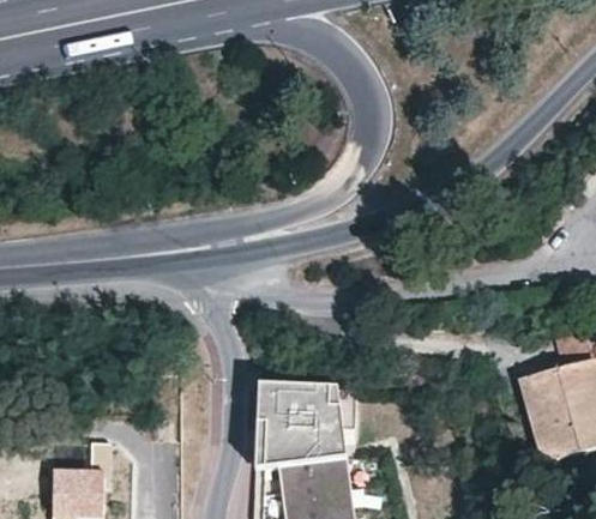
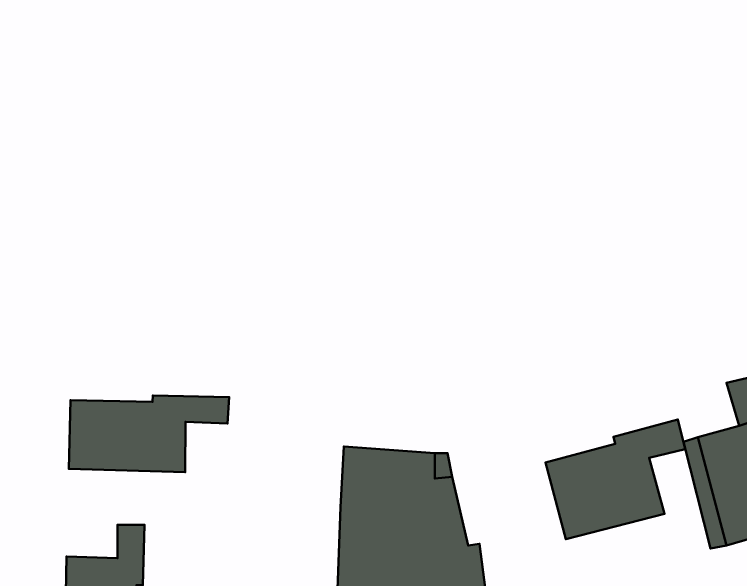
building: none -> [69,396,229,472]
building: none -> [545,419,685,539]

